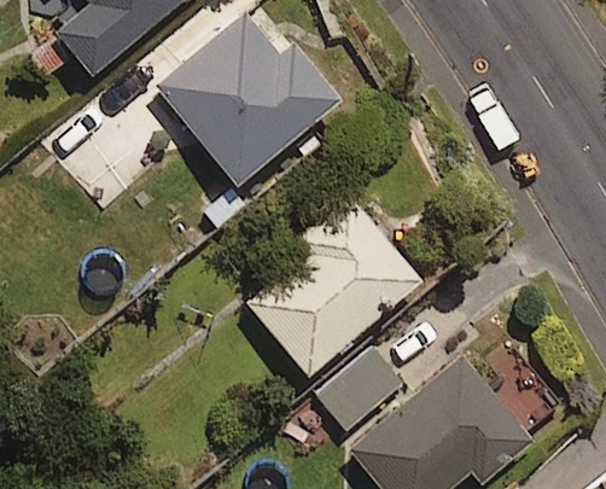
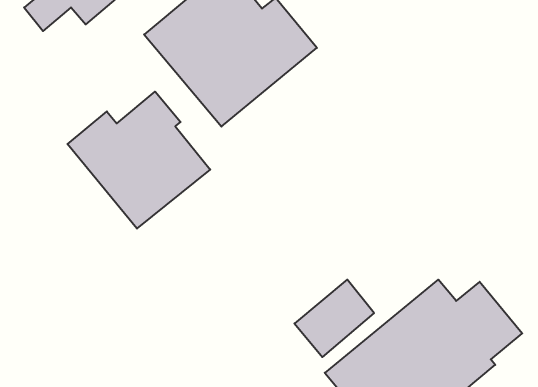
building: none -> [67,92,210,229]
building: [249,193,421,376] -> none

